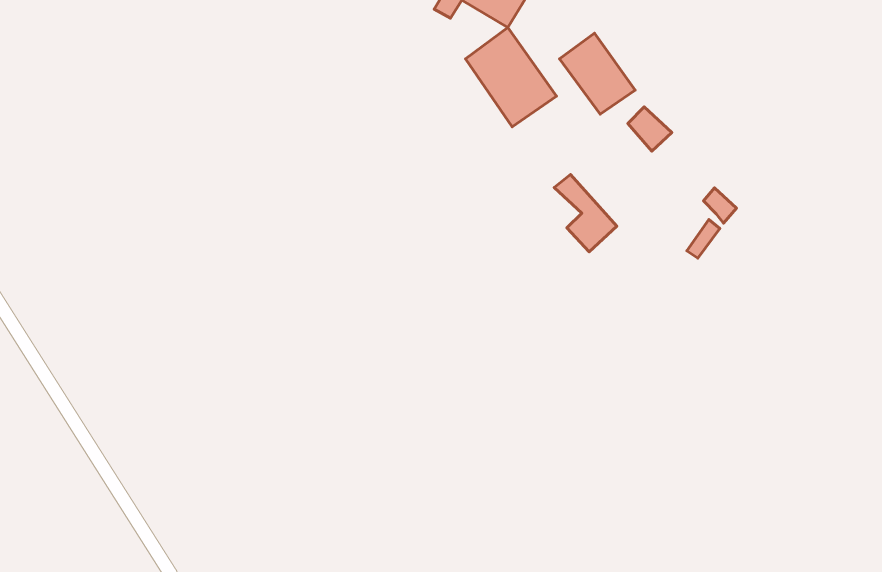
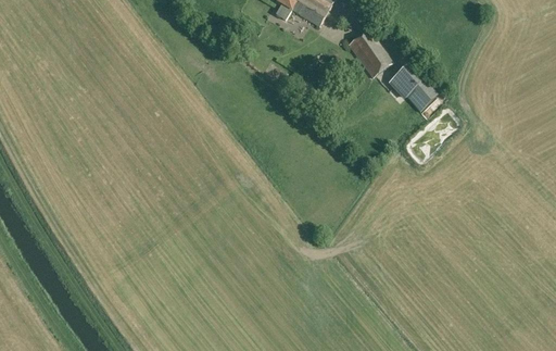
building: [465,28,557,127] -> none
building: [554,174,617,252] -> [397,65,434,111]

